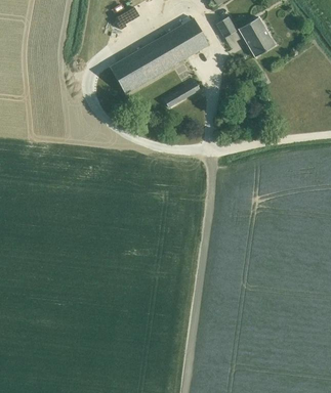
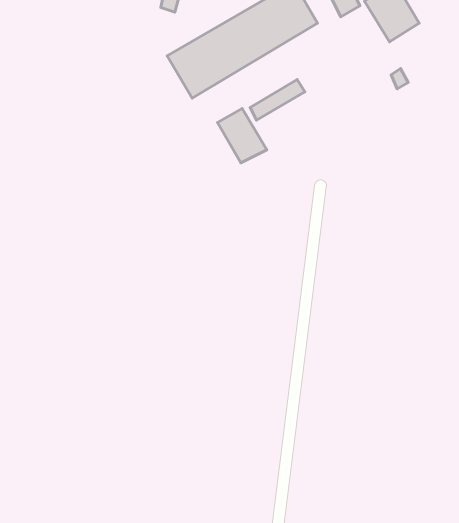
building: none -> [217,109,267,163]

